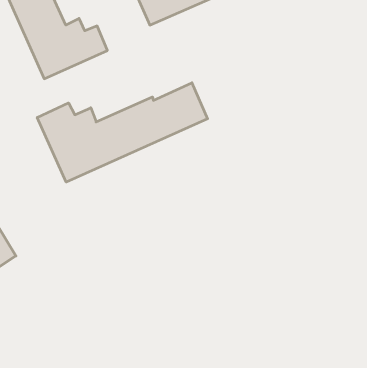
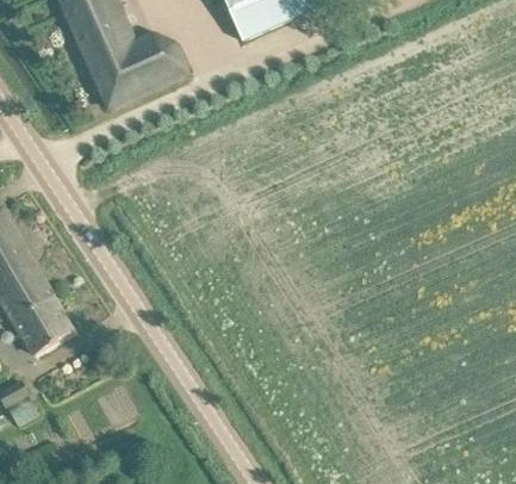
building: [37,83,208,182] -> none

